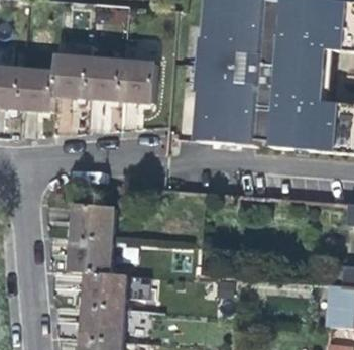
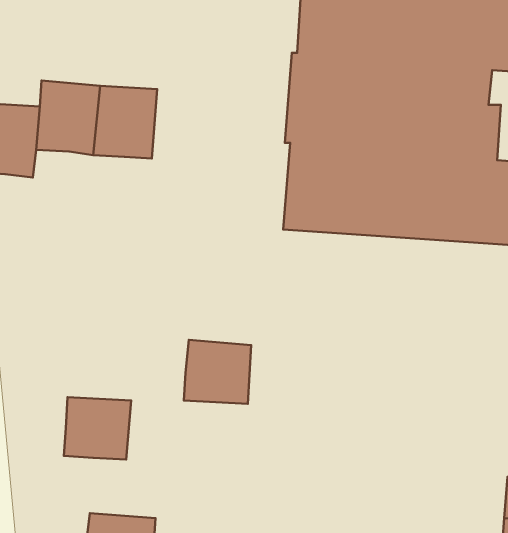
building: [120,60,156,103] -> none
building: [71,204,110,241] -> [184,340,251,404]
building: [84,274,125,310] -> none

